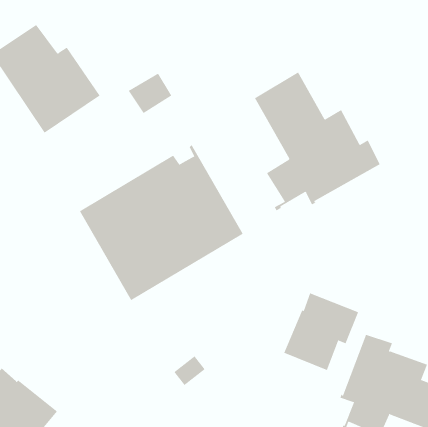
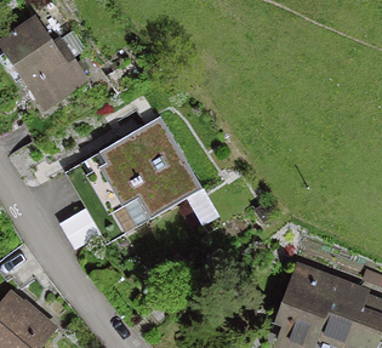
building: [254,72,380,211] -> none
building: [283,293,359,371] -> none

